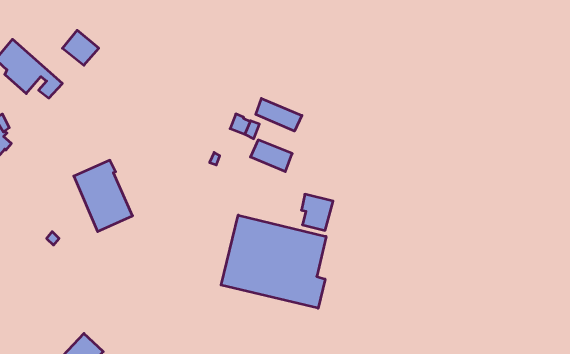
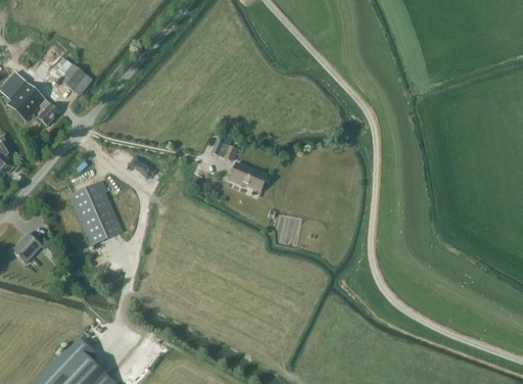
building: [256,98,302,131] -> none
building: [221,215,326,308] -> none
building: none -> [12,233,49,262]

